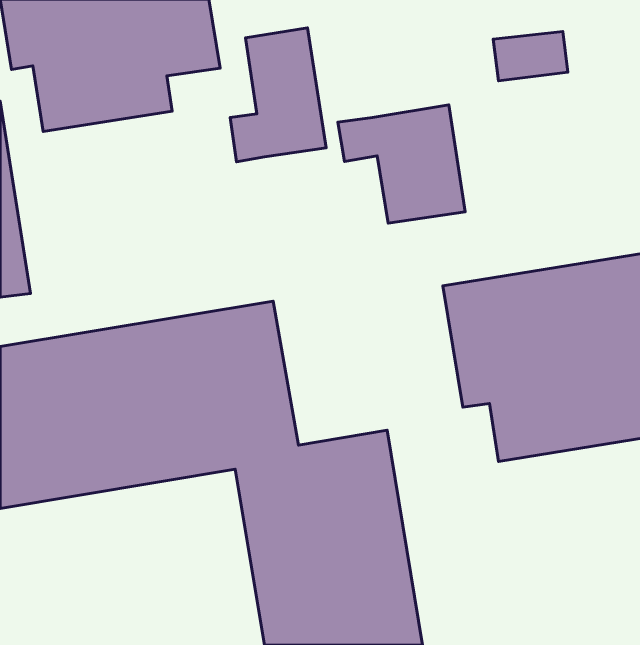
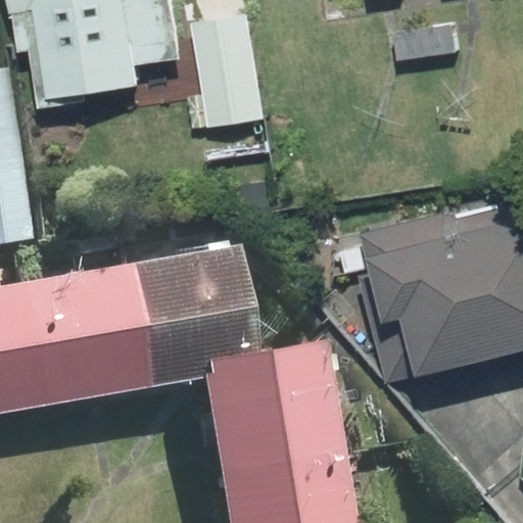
building: [338,105,465,223] -> none

